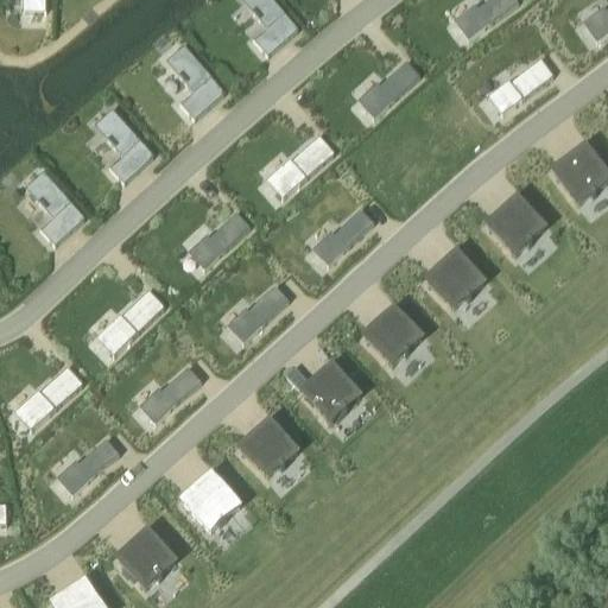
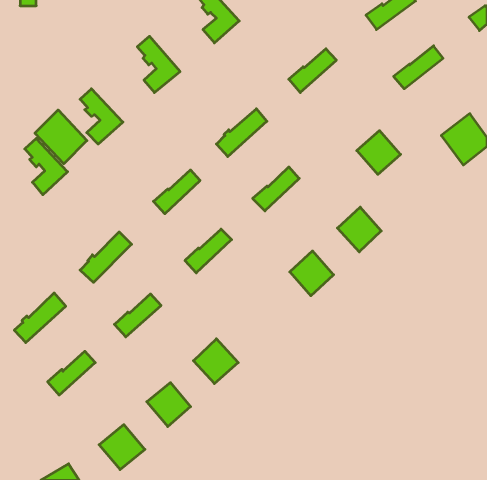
building: none -> [35,110,87,164]
building: [480,204,534,259] -> [357,131,401,174]
building: [302,368,355,423] -> none

